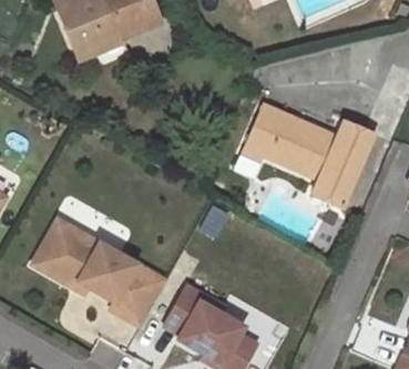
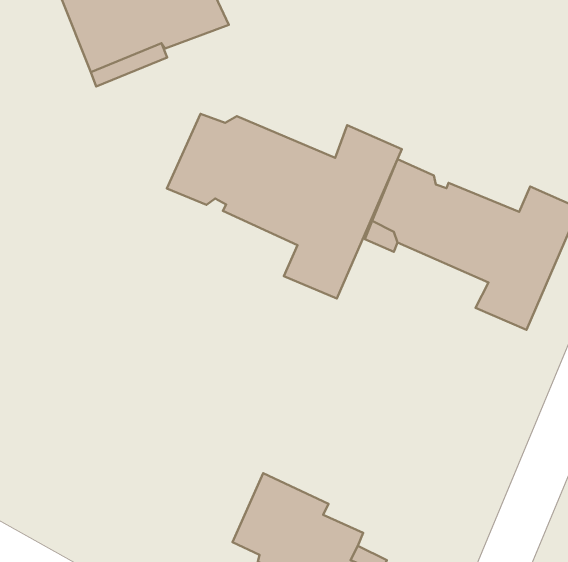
building: none -> [167,114,402,299]
building: [48,226,166,326] -> none

